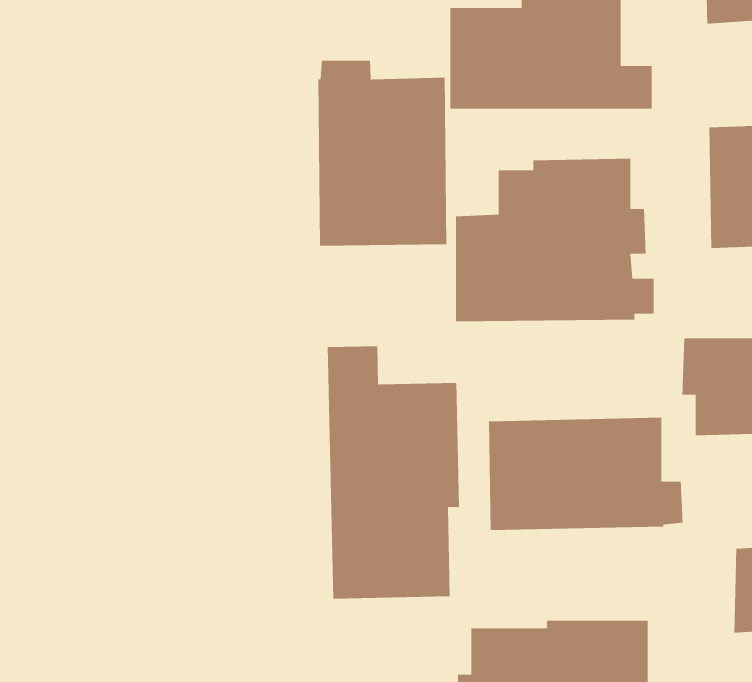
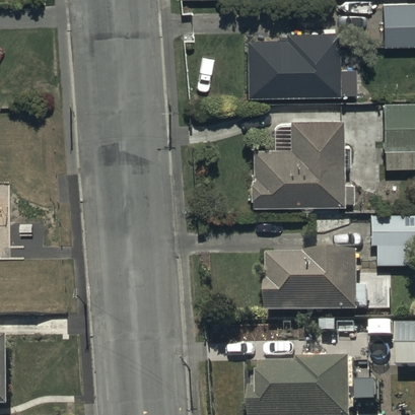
building: [318,60,447,247] -> none
building: [327,345,460,599] -> none

